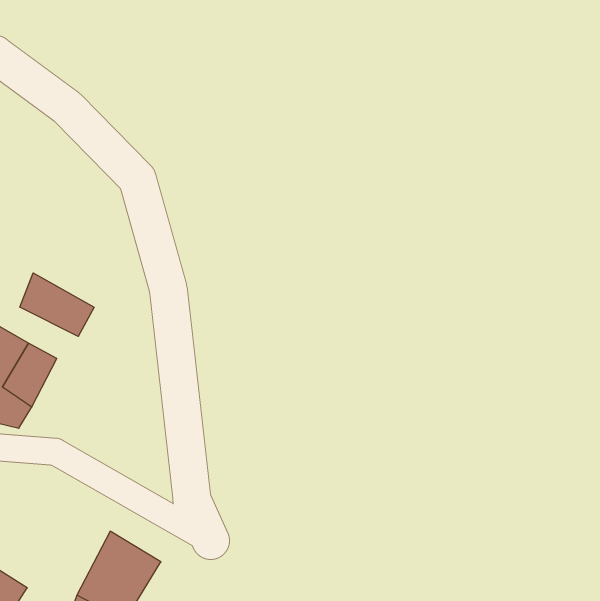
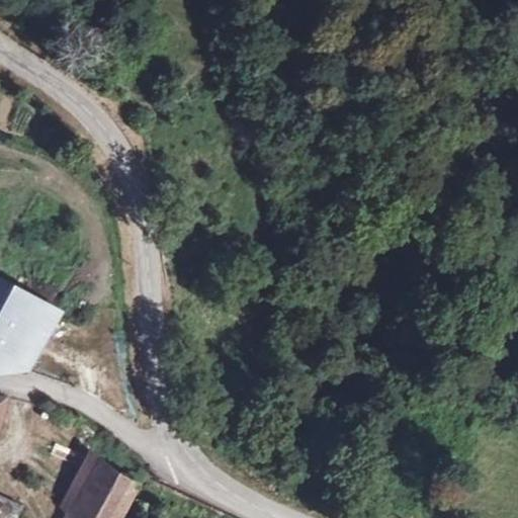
building: [20,273,94,336] -> none

